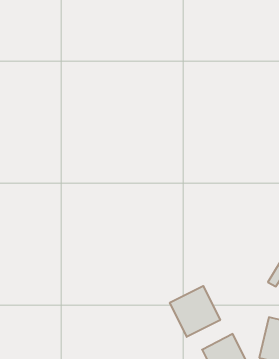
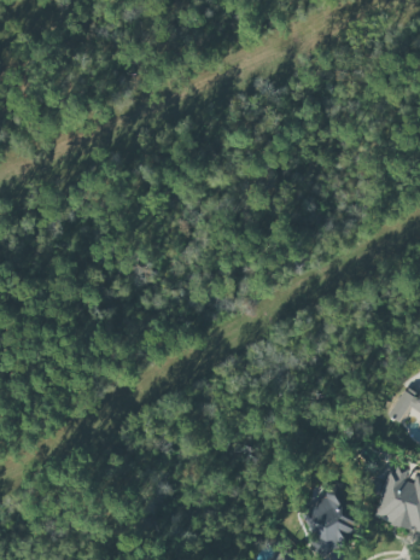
building: [170,286,220,337] -> none

